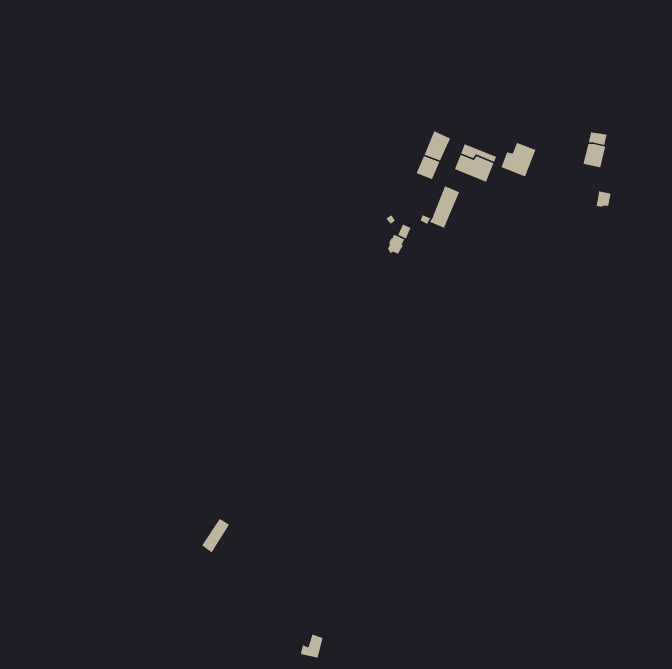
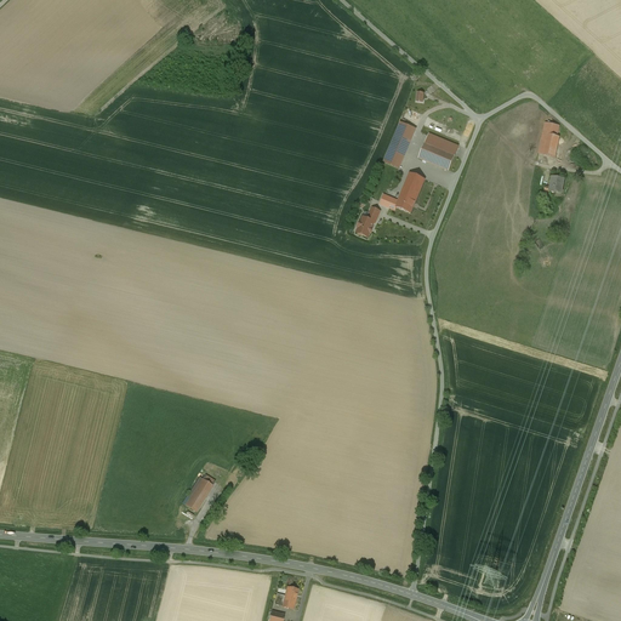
building: [501,142,537,178] -> none

